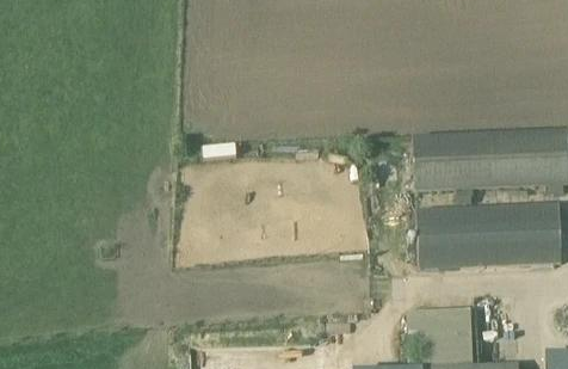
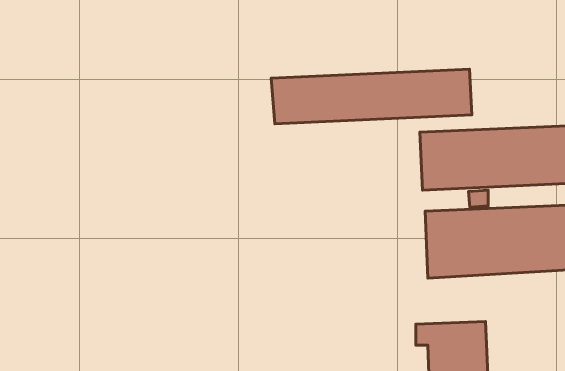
building: none -> [271,69,472,124]

